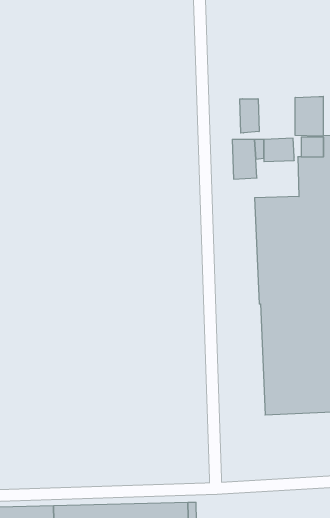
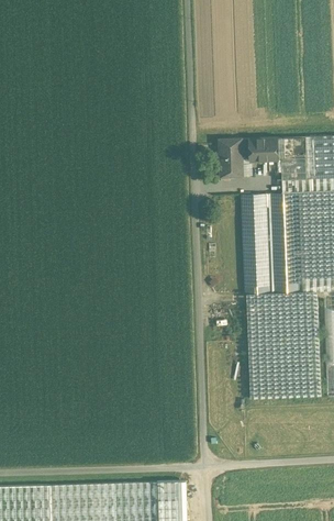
building: [295,96,323,136] -> none
building: [240,99,259,133] -> none

